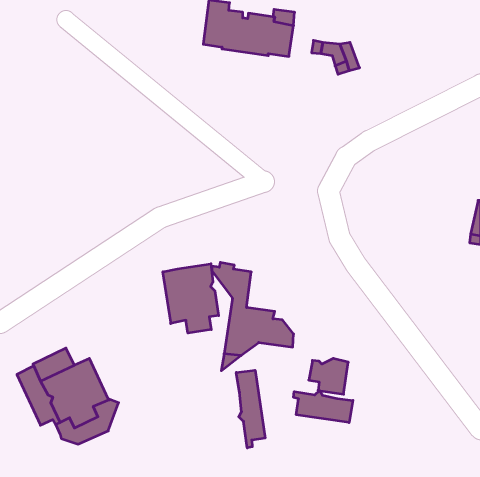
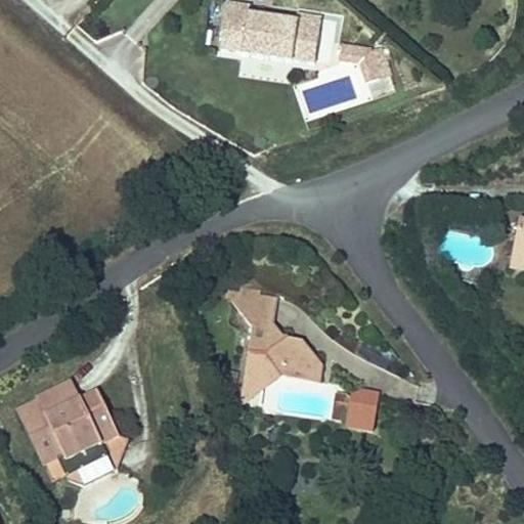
building: [163,264,219,333] -> none
building: [236,370,265,448] -> none
building: [294,391,353,423] -> none

